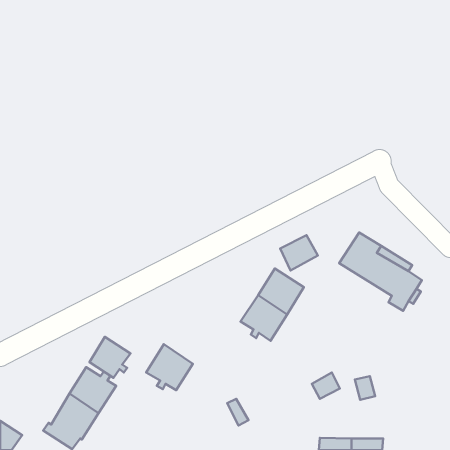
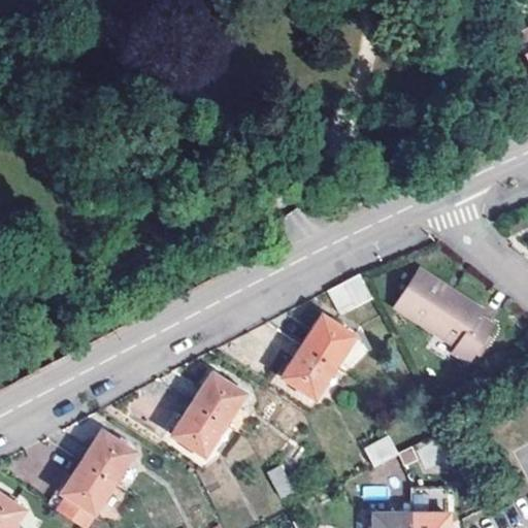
building: none -> [192,371,246,426]
building: [89,337,130,378] -> none

